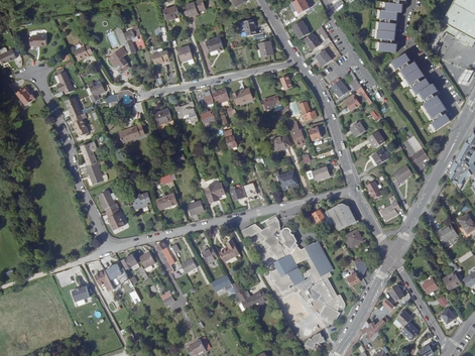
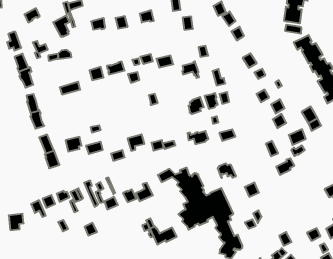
building: [327,203,357,231] -> none

